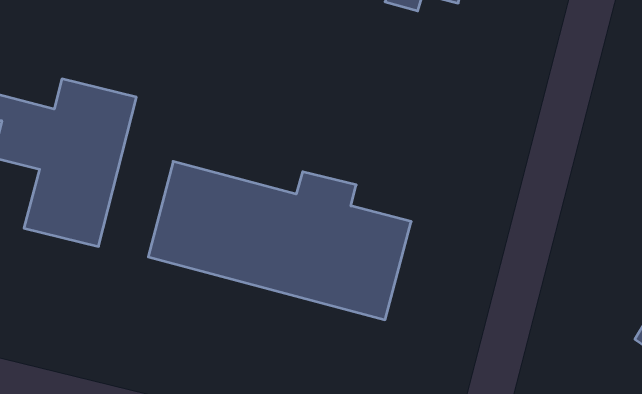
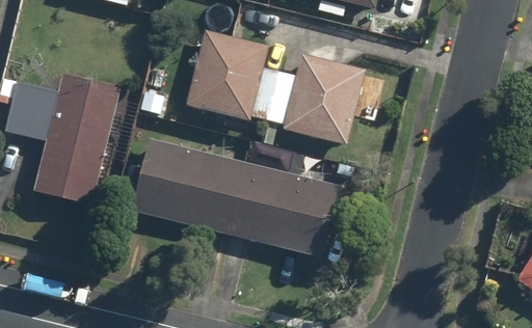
building: none -> [184,27,367,141]

